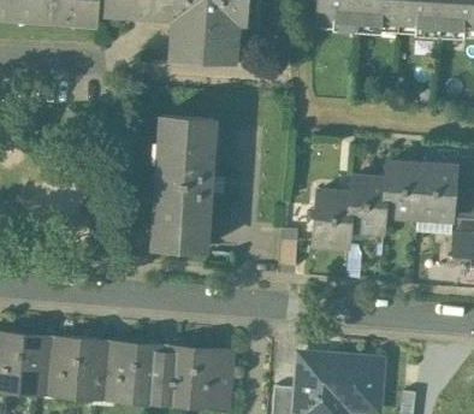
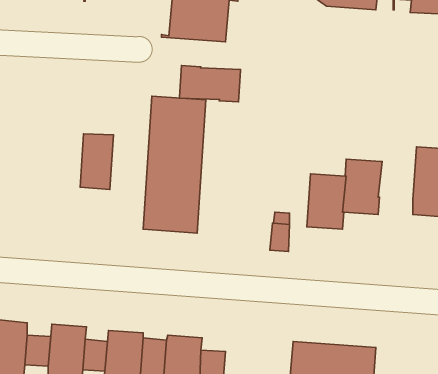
building: none -> [179,66,241,102]
building: none -> [80,134,113,190]
building: [383,162,420,217] -> none

